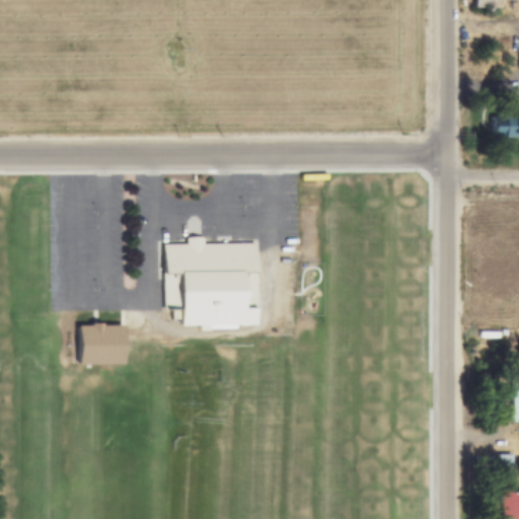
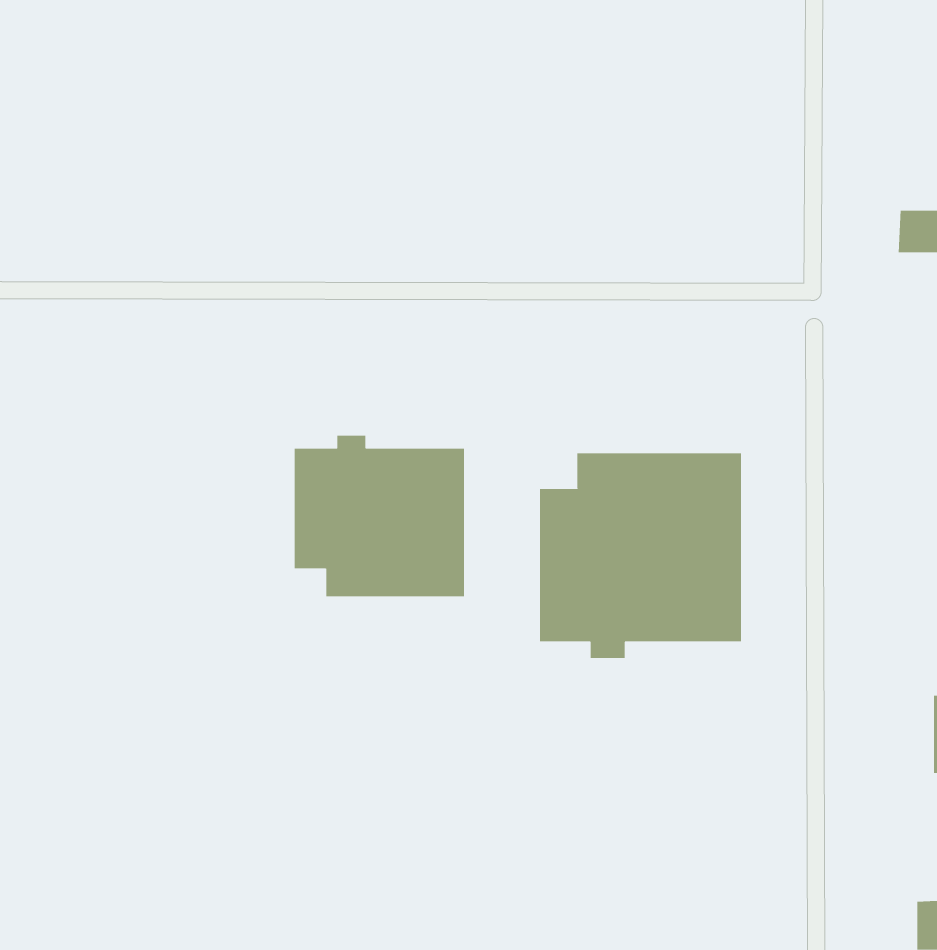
building: none -> [540,453,742,659]
building: [82,324,127,364] -> none

